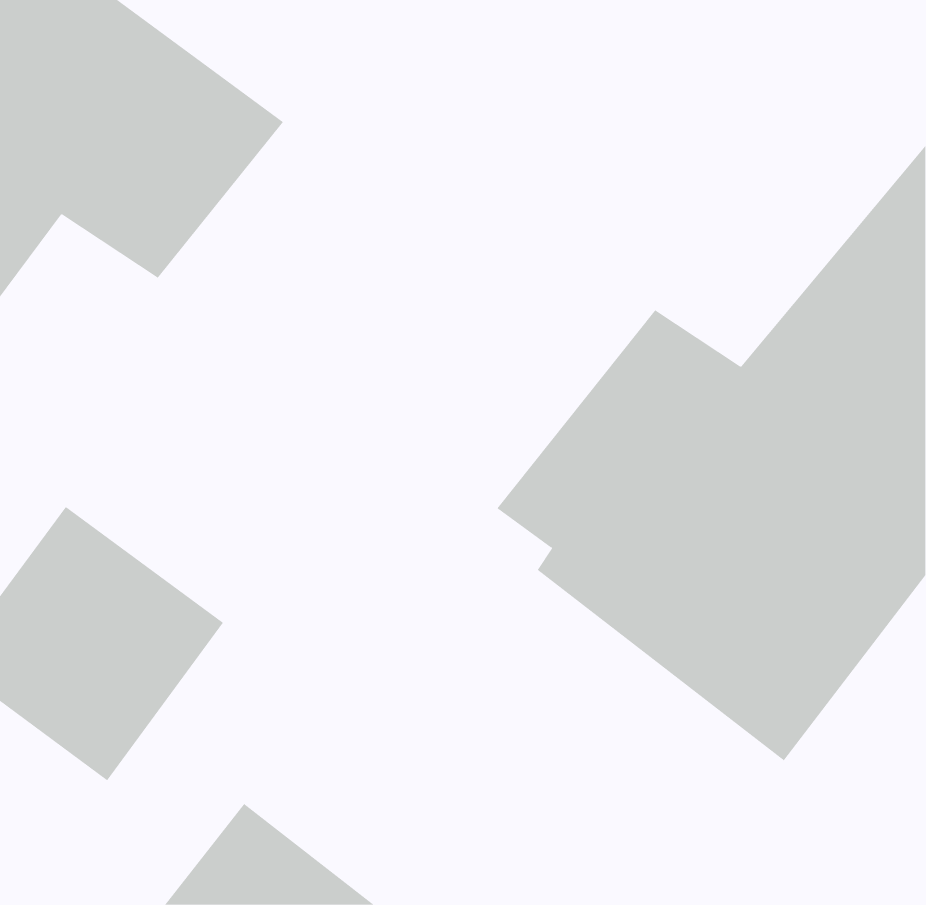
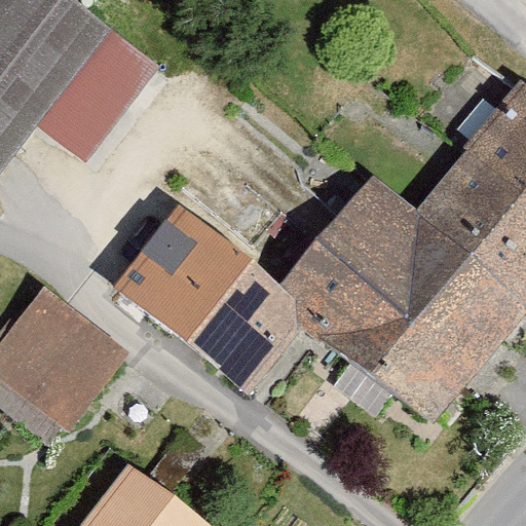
building: none -> [119,209,311,390]

